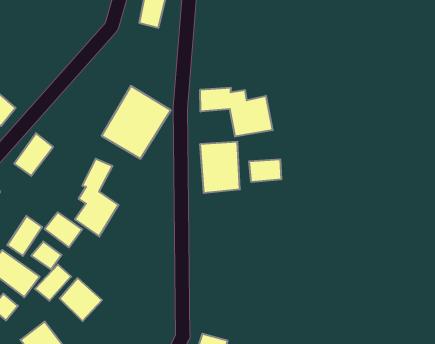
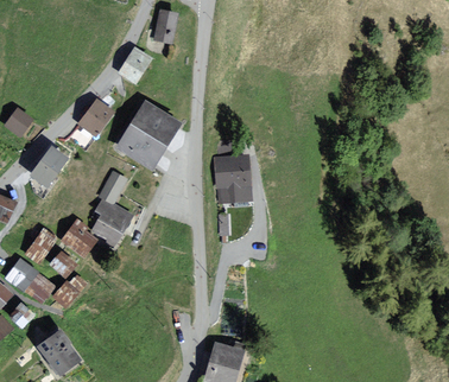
building: none -> [116,47,151,84]
building: none -> [76,98,114,138]
building: [200,88,273,137] -> none
building: [249,159,281,182] -> none
building: [60,278,102,321] -> none

